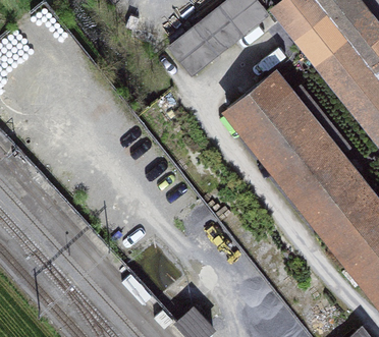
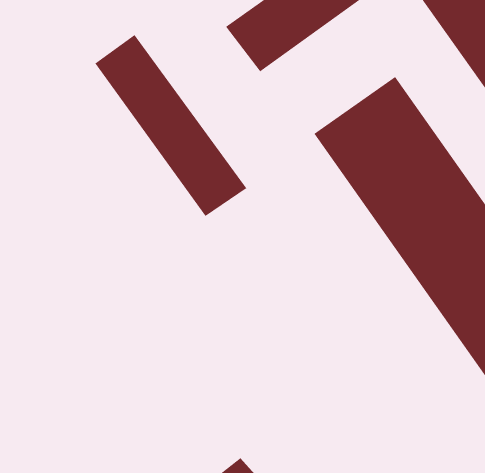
building: none -> [94,34,247,217]

